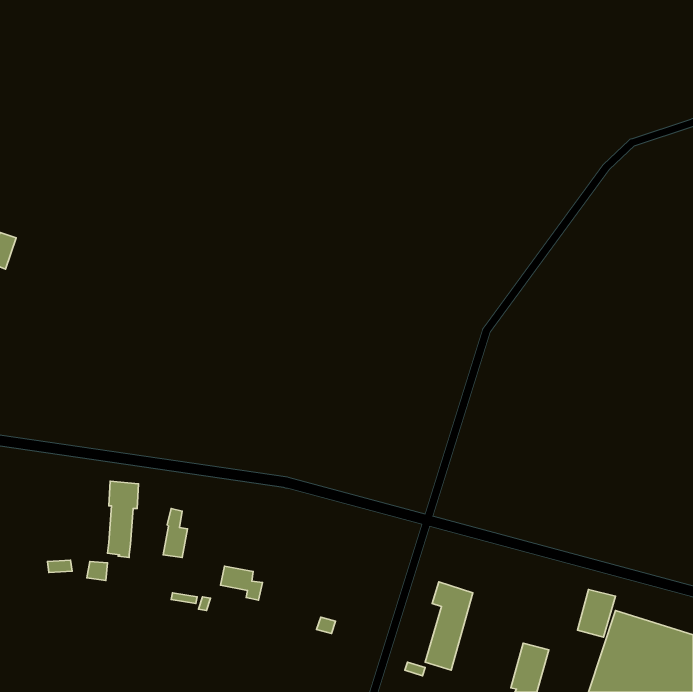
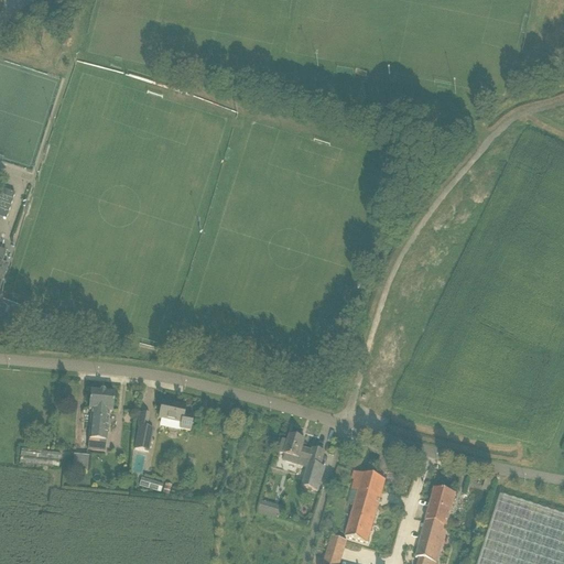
building: none -> [279,435,323,490]
building: [220,566,263,600] -> [158,402,192,430]
building: [578,589,616,637] -> [424,488,455,527]

